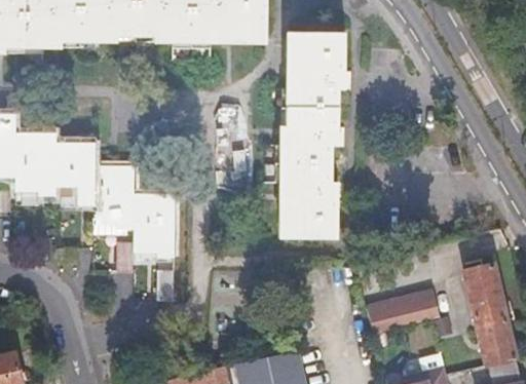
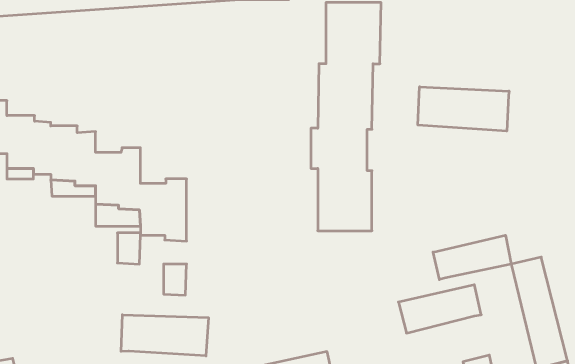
building: none -> [418,87,509,131]
building: none -> [433,235,511,280]
building: none -> [121,315,208,356]

